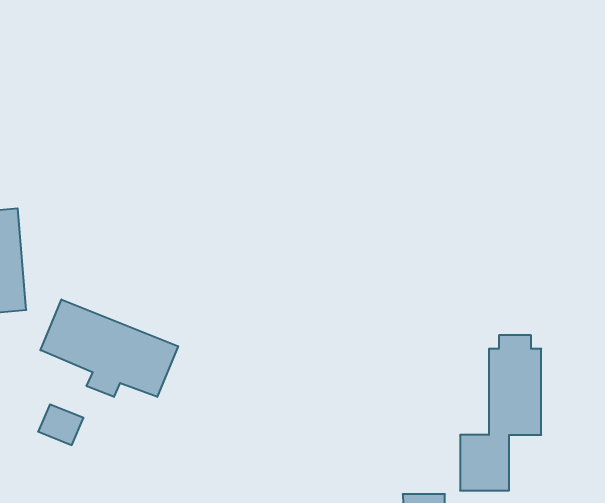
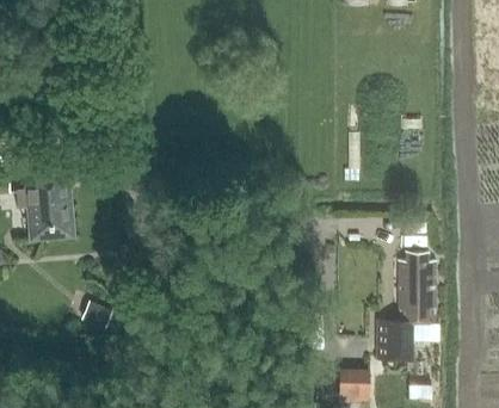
building: [40,299,178,397] -> none

